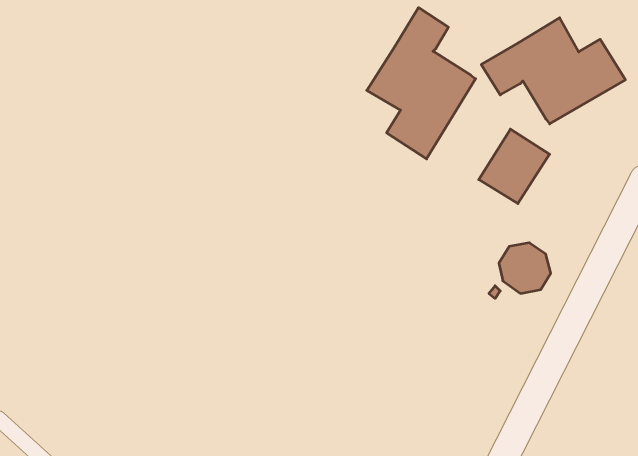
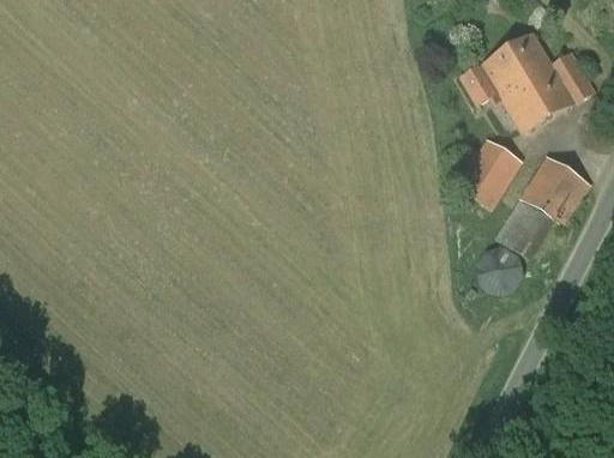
building: [367,8,476,159] -> none
building: none -> [495,156,589,258]

